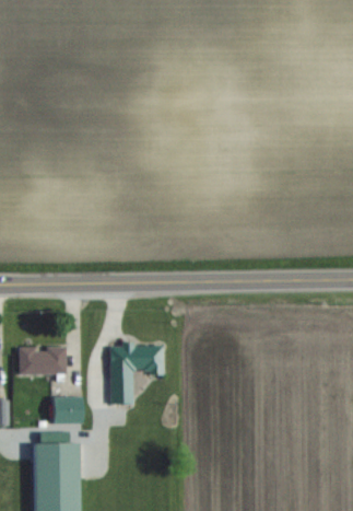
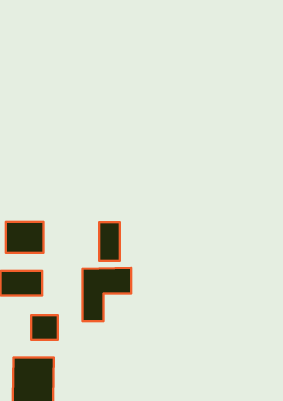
building: none -> [6,222,43,253]
building: none -> [99,222,120,261]

